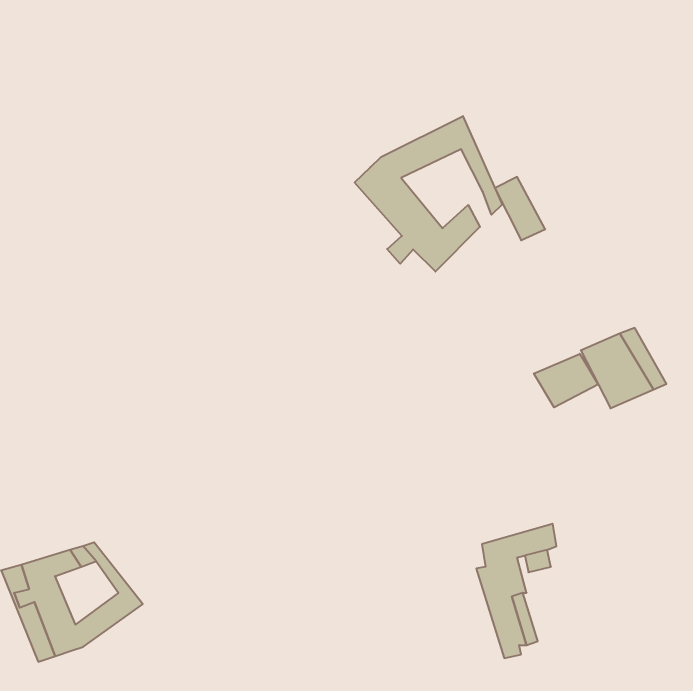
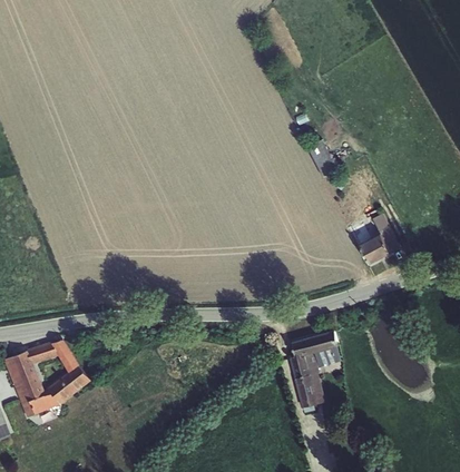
building: [355,116,502,272] -> none
building: [534,354,598,407] -> none

